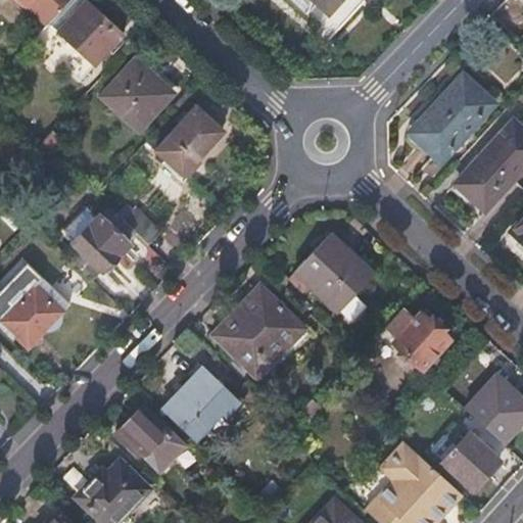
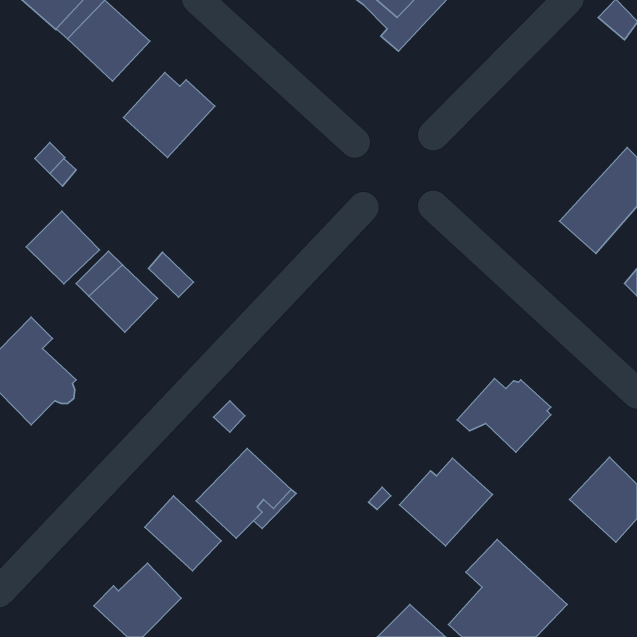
building: [409,75,493,160] -> none
building: [141,107,222,189] -> none
building: none -> [26,211,100,284]
building: [288,235,373,312] -> none
building: [213,290,302,373] -> none
building: none -> [400,458,492,546]
building: [442,433,500,491] -> none

